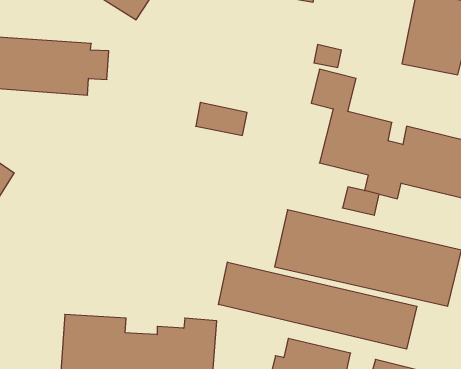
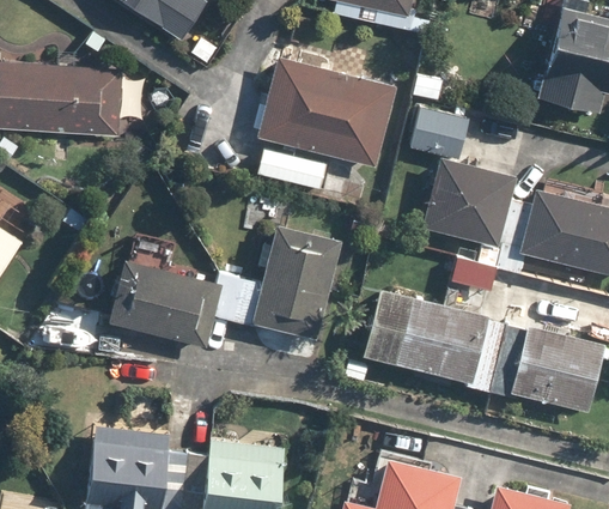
building: none -> [258,57,397,165]
building: none -> [105,223,341,350]
building: [218,262,417,349] -> none

